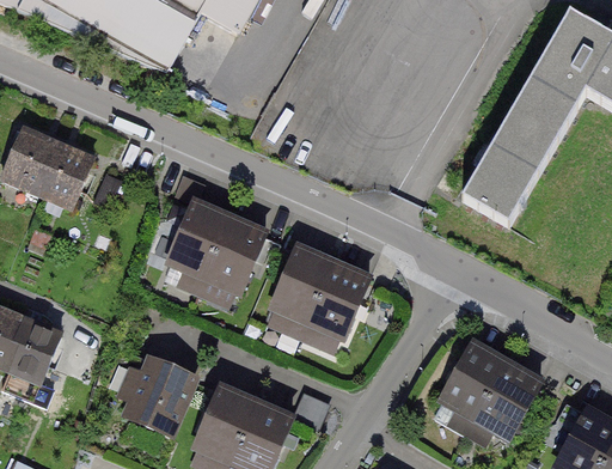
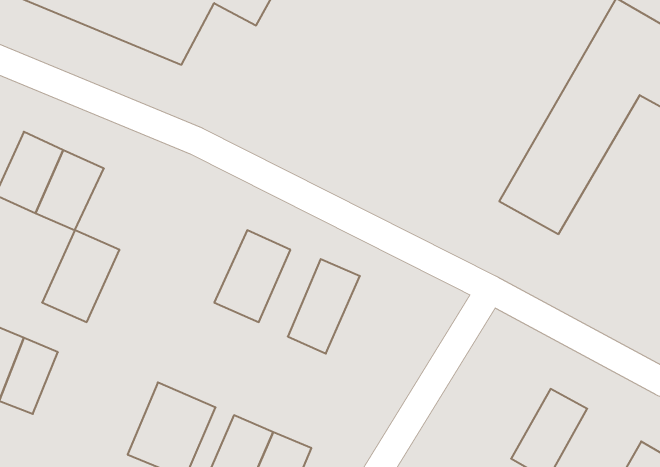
building: [159,199,230,282] -> [42,230,120,322]
building: [301,258,368,345] -> none
building: [436,342,506,425] -> none

